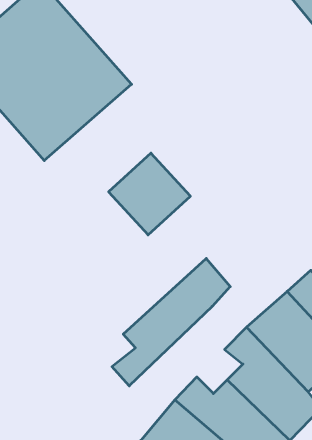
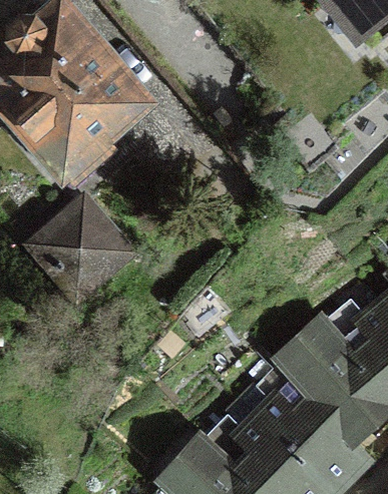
building: [109,153,190,235] -> [36,204,125,294]
building: [112,258,230,386] -> none

